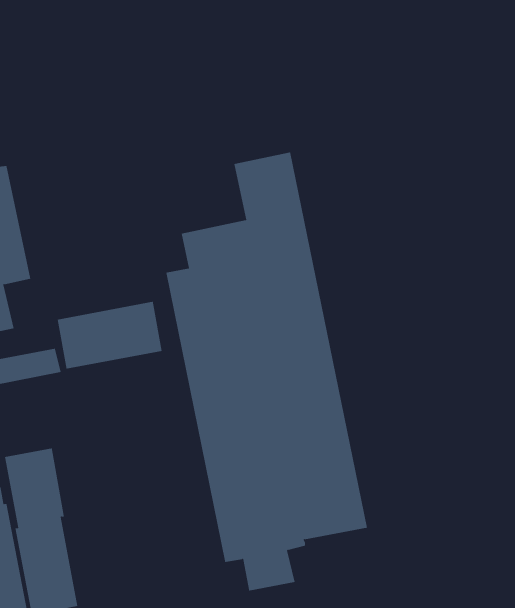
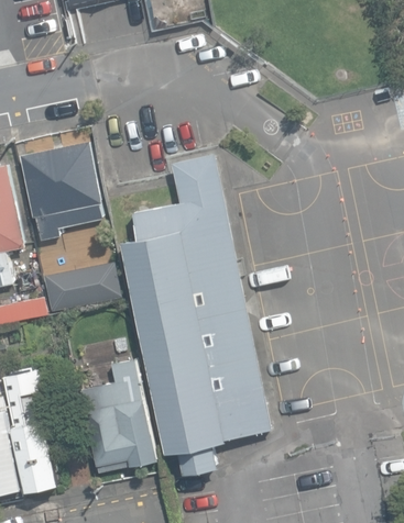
building: none -> [18,138,102,241]
building: none -> [81,358,159,470]

